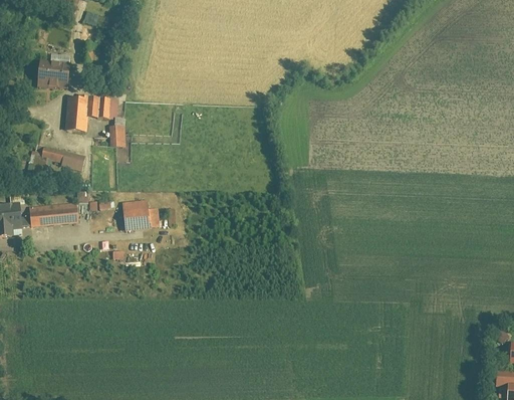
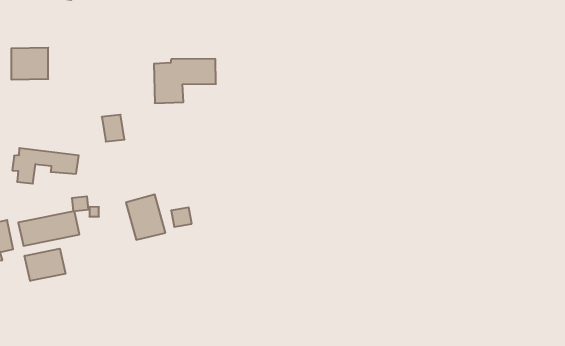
building: [63,94,118,132] -> [154,59,216,103]
building: none -> [25,249,65,281]

